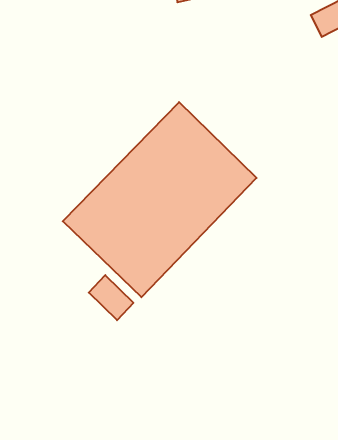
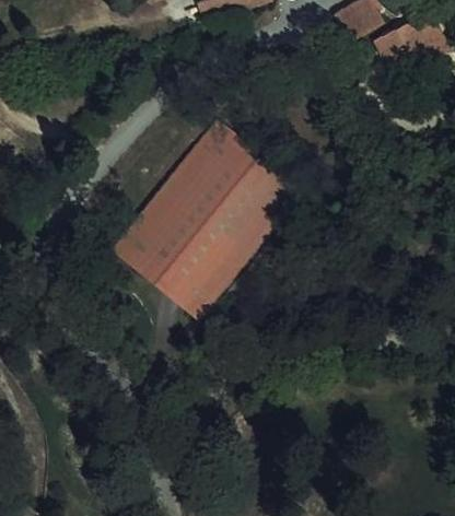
building: [89,275,133,320] -> none

